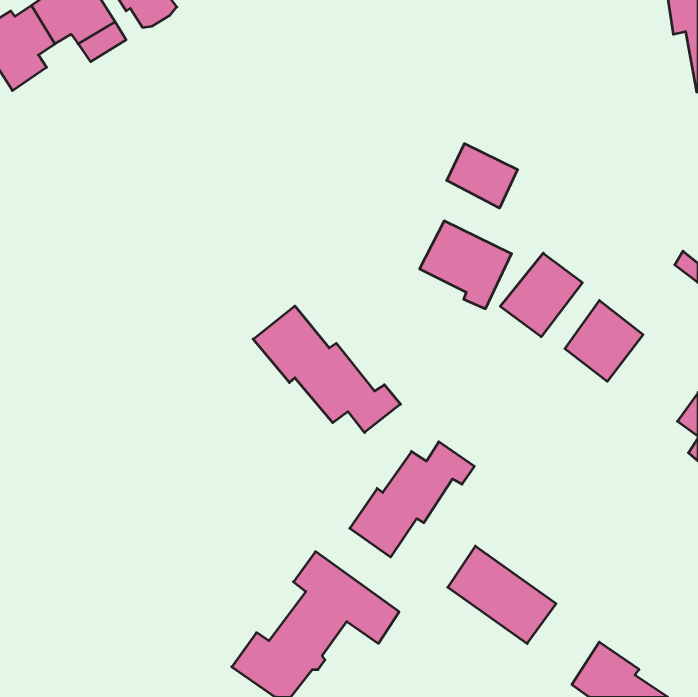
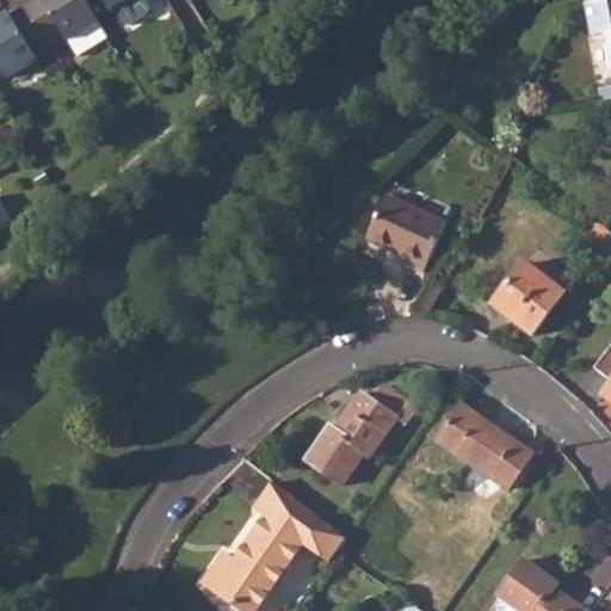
building: [447,144,518,208] -> none
building: [500,253,582,337] -> none
building: [253,306,401,433] -> none
building: [448,546,556,644] -> [436,403,530,488]

